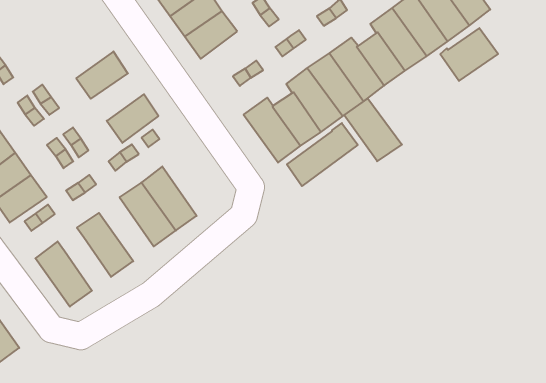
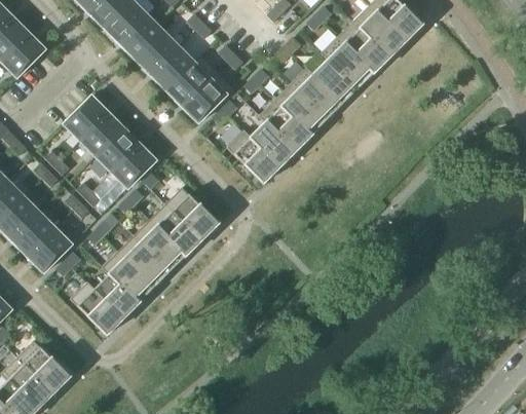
building: none -> [183,71,233,123]
building: [440,28,498,81] -> none
building: none -> [64,97,108,141]
building: none -> [96,129,140,173]
building: [344,98,402,161] -> none
building: [287,123,358,186] -> none
building: none -> [165,188,218,240]
building: none -> [118,235,170,288]
building: none -> [95,274,138,318]

